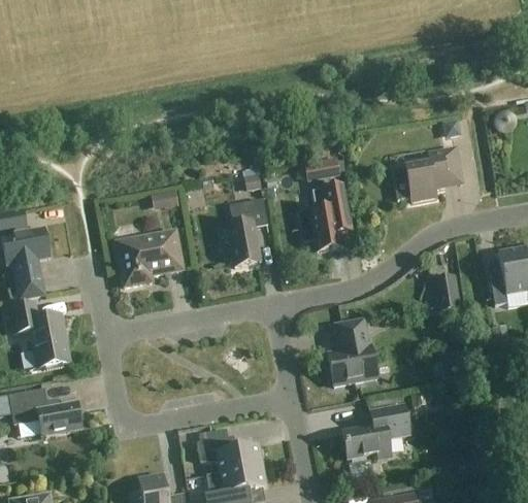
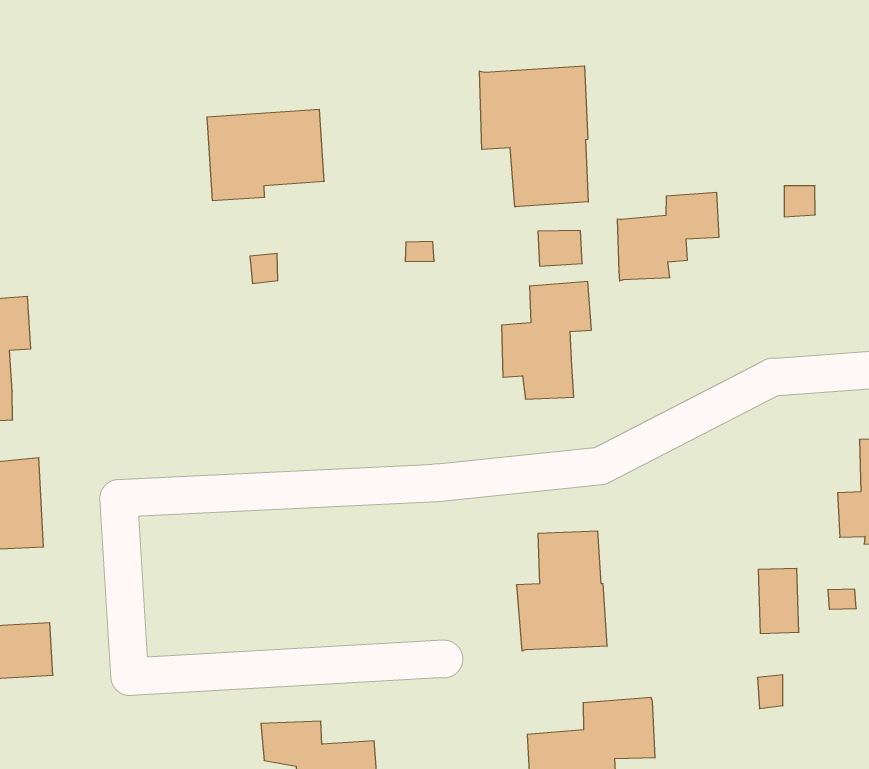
building: none -> [480,66,588,207]
building: [404,147,460,201] -> [617,193,719,281]
building: [228,198,268,266] -> none
building: [117,230,184,286] -> [207,109,324,200]
building: [433,274,459,311] -> [758,568,799,633]

